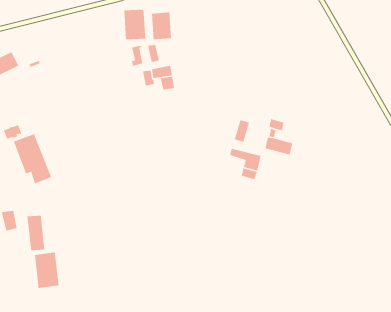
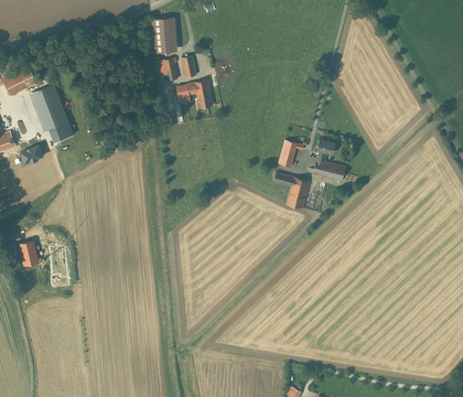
building: [151,12,172,40] -> none
building: [13,133,52,184] -> [29,85,73,142]
building: [34,252,59,289] -> none

